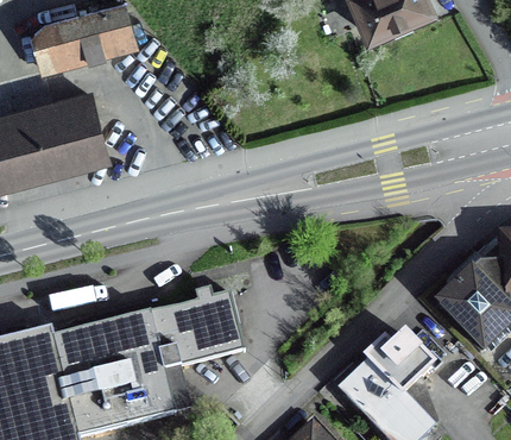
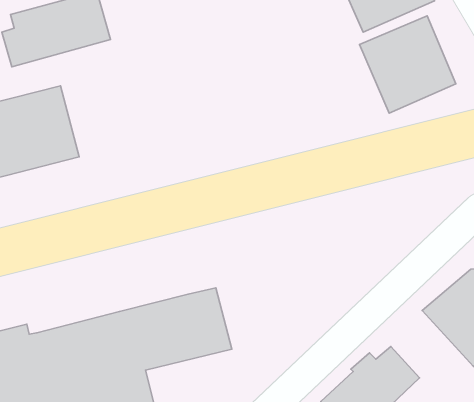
building: none -> [359,16,456,113]

